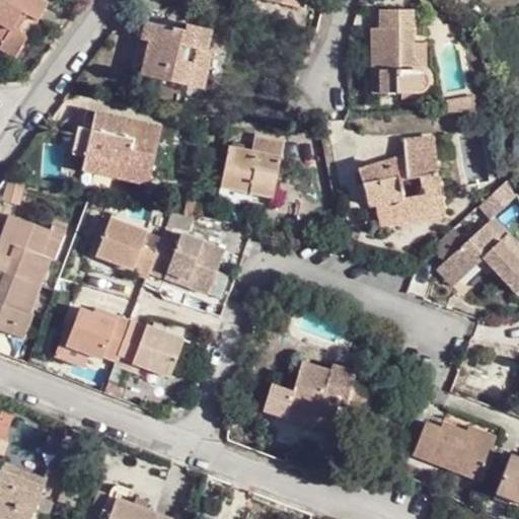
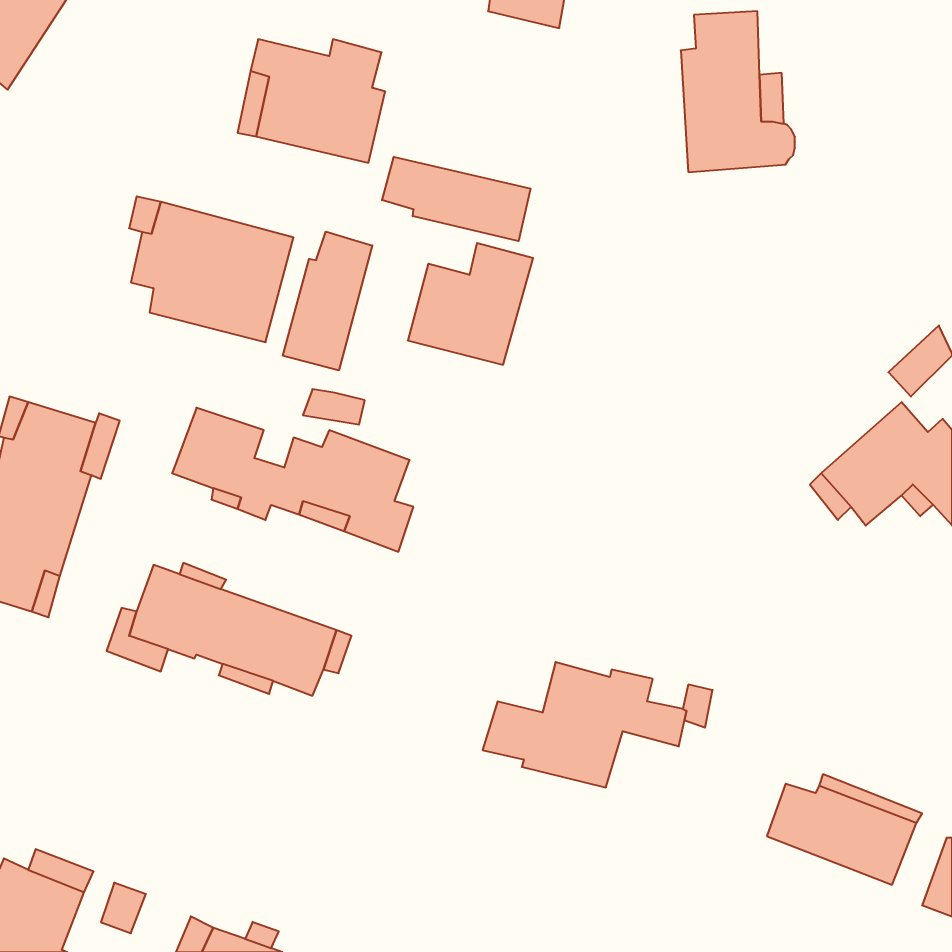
building: none -> [382,157,531,241]
building: none -> [283,232,372,370]
building: [358,137,440,217] -> none

